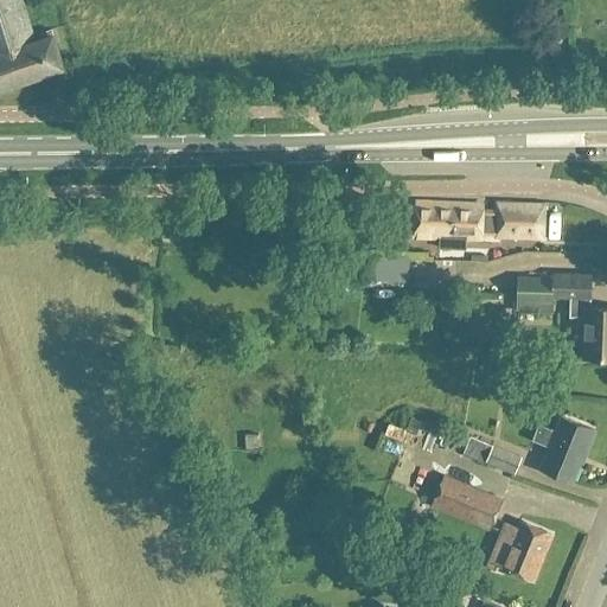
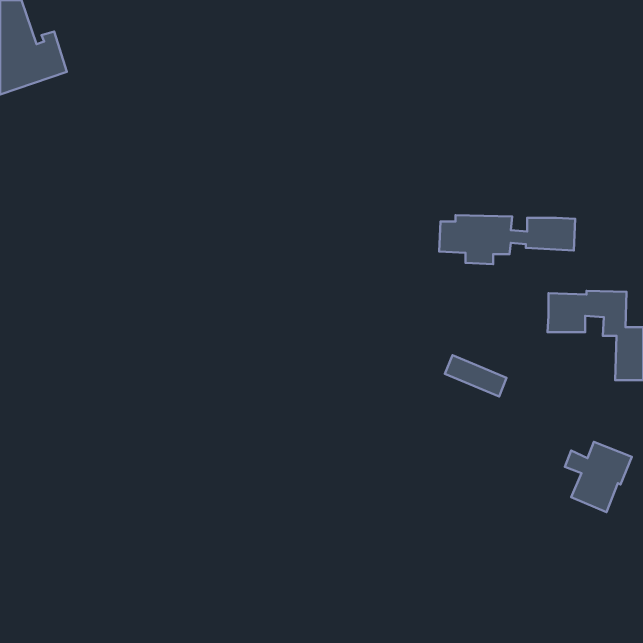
building: [462,436,520,475] -> [445,355,507,397]
building: [432,477,500,528] -> none
building: [487,518,550,580] -> none

